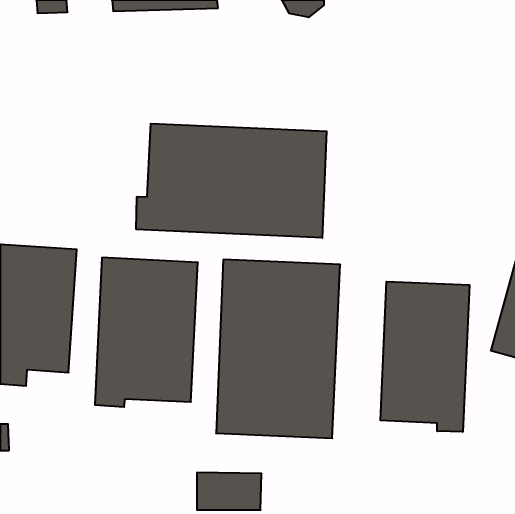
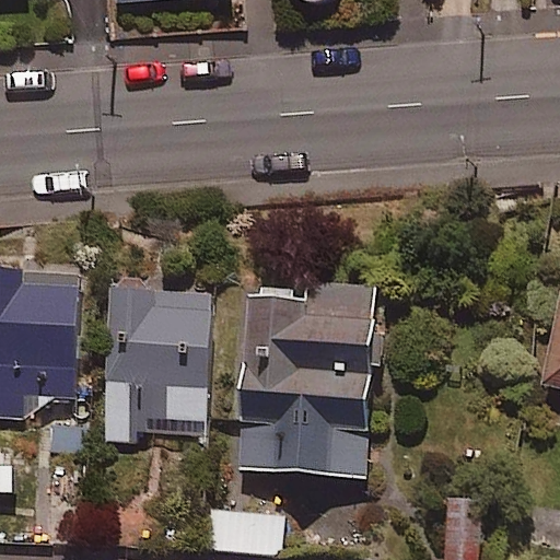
building: [136,124,327,238] -> none
building: [380,282,469,432] -> none

